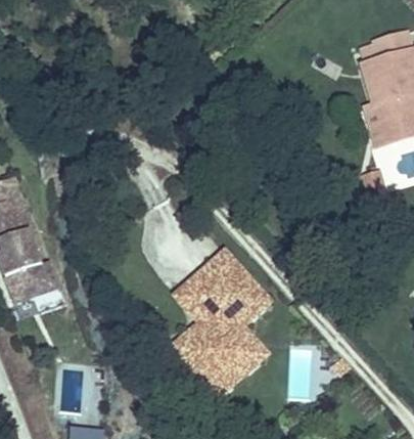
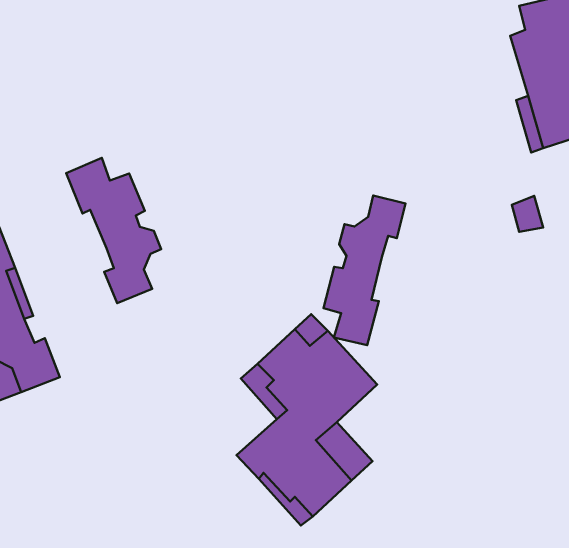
building: none -> [66,158,161,303]
building: none -> [324,196,406,345]

